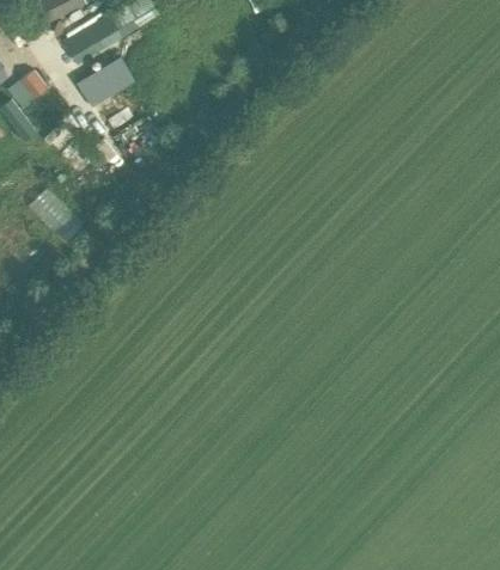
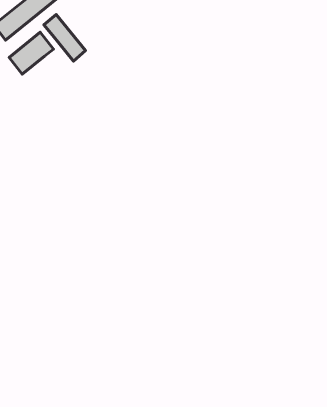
building: none -> [44,14,86,61]

